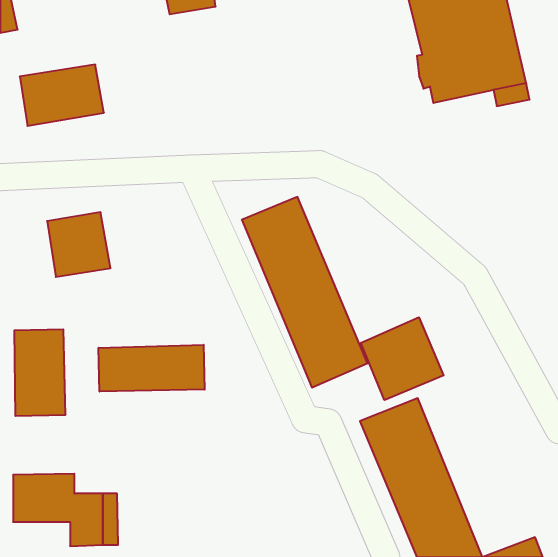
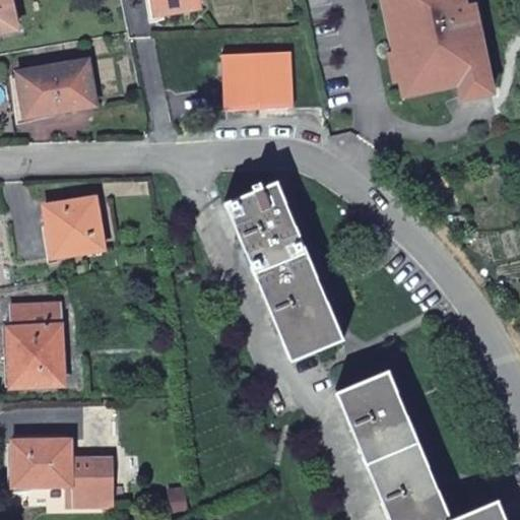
building: none -> [224,42,295,110]
building: [361,317,444,400] -> none
building: [99,345,205,392] -> none

